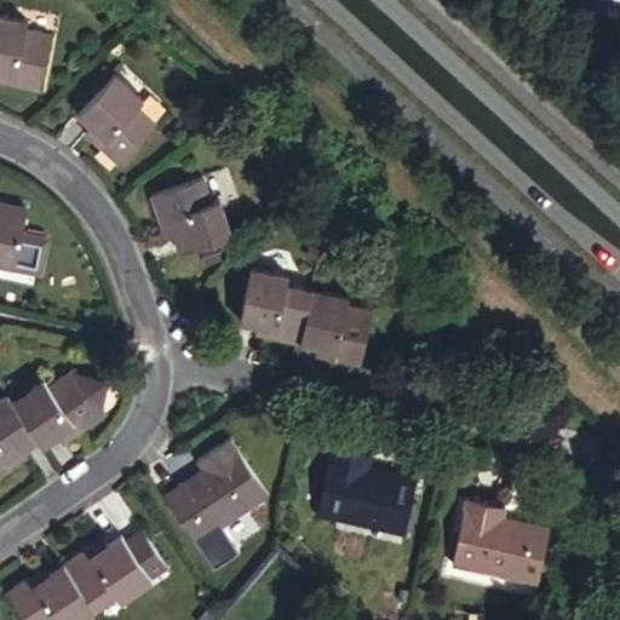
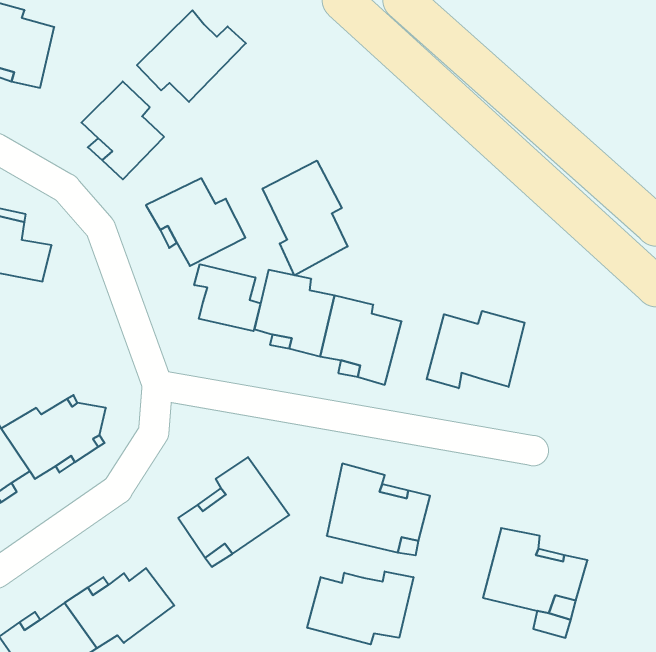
building: none -> [137,10,246,102]
building: none -> [263,161,348,275]
building: none -> [194,264,261,331]
building: none -> [427,311,525,388]
building: none -> [307,571,413,644]

